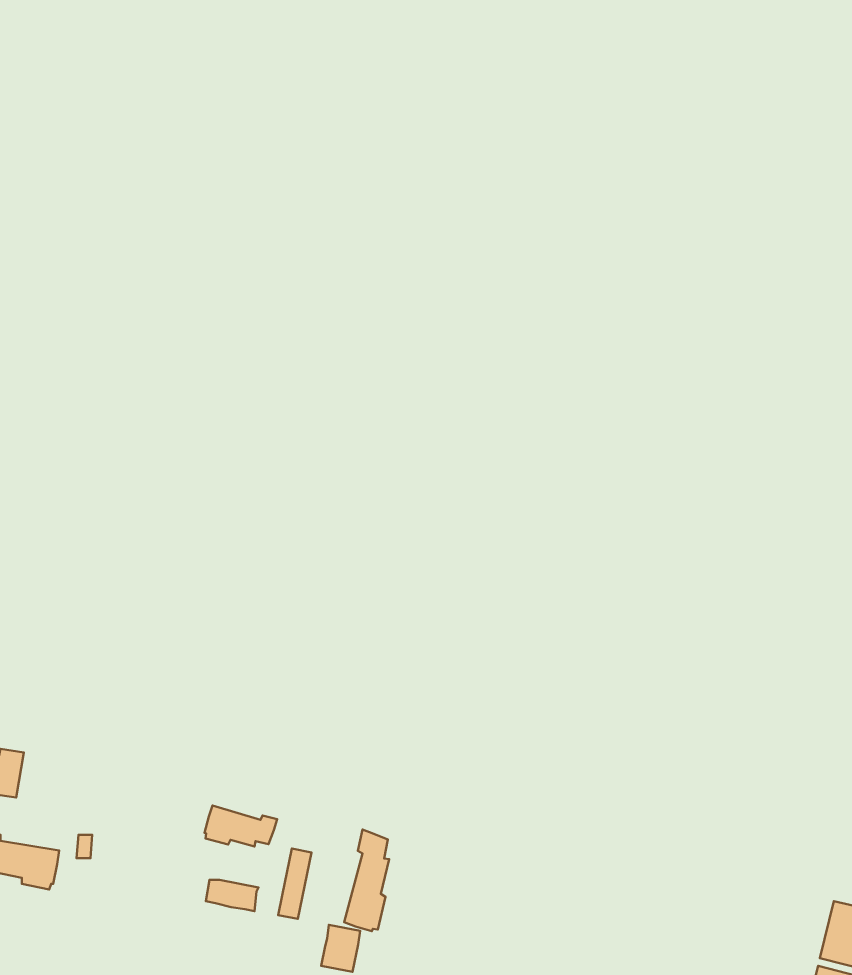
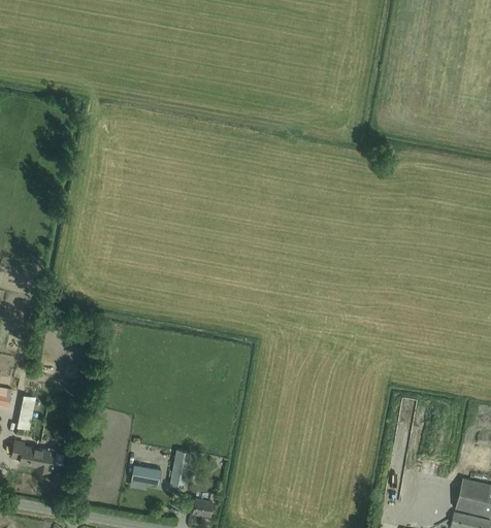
building: [205,805,277,846] -> none
building: [344,830,389,931] -> none

